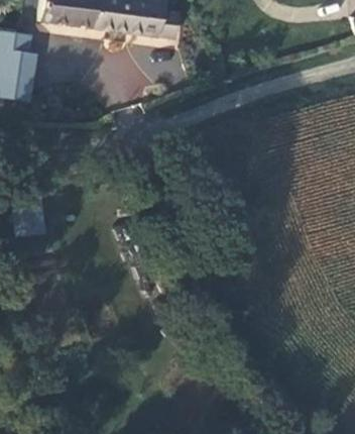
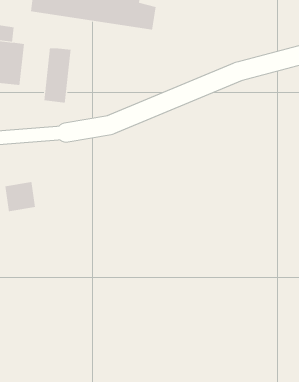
building: none -> [44,48,71,104]

